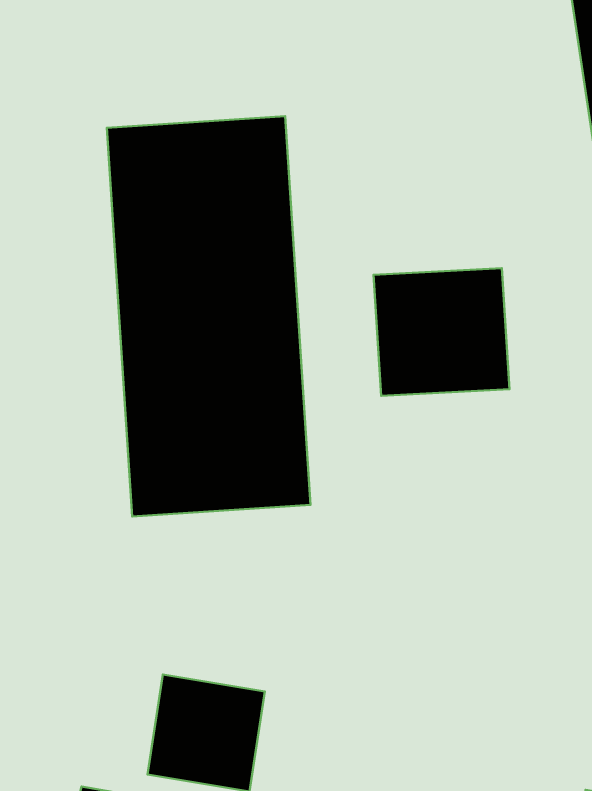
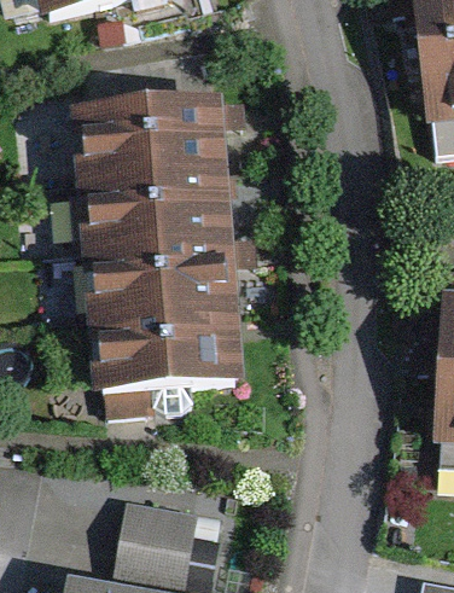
building: [373,268,510,396] -> none

